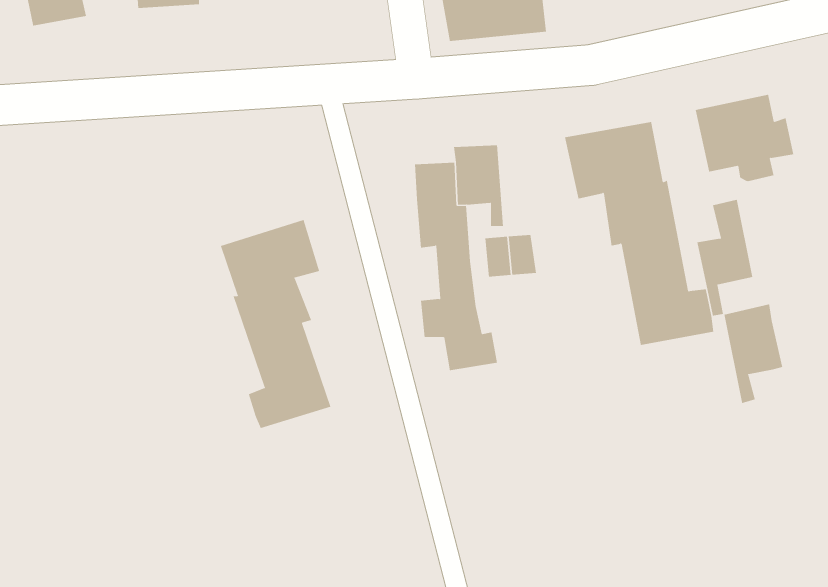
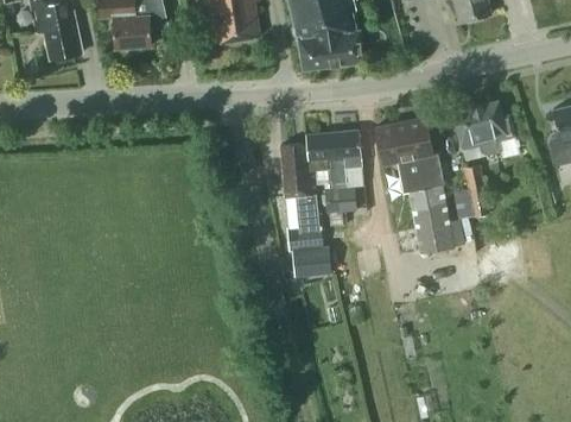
building: none -> [334,130,362,182]
building: [220,219,331,429] -> none
building: [724,304,783,404] -> none

